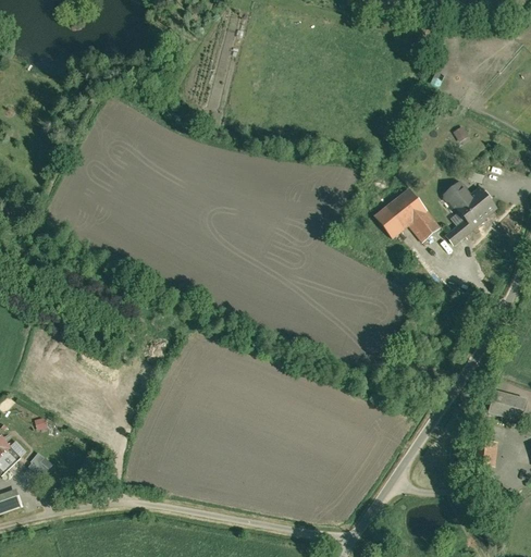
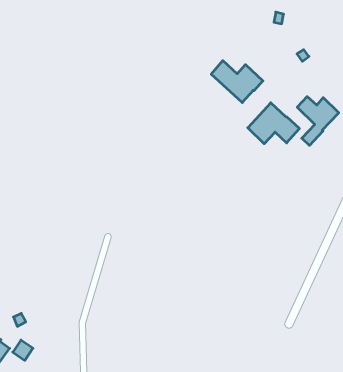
building: none -> [211,61,263,103]

